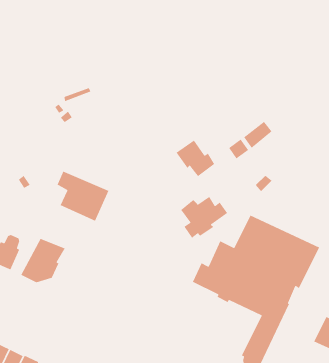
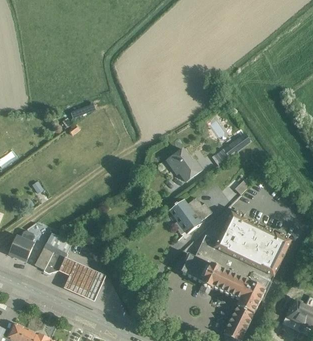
building: [56,171,110,222] -> [60,256,106,300]

